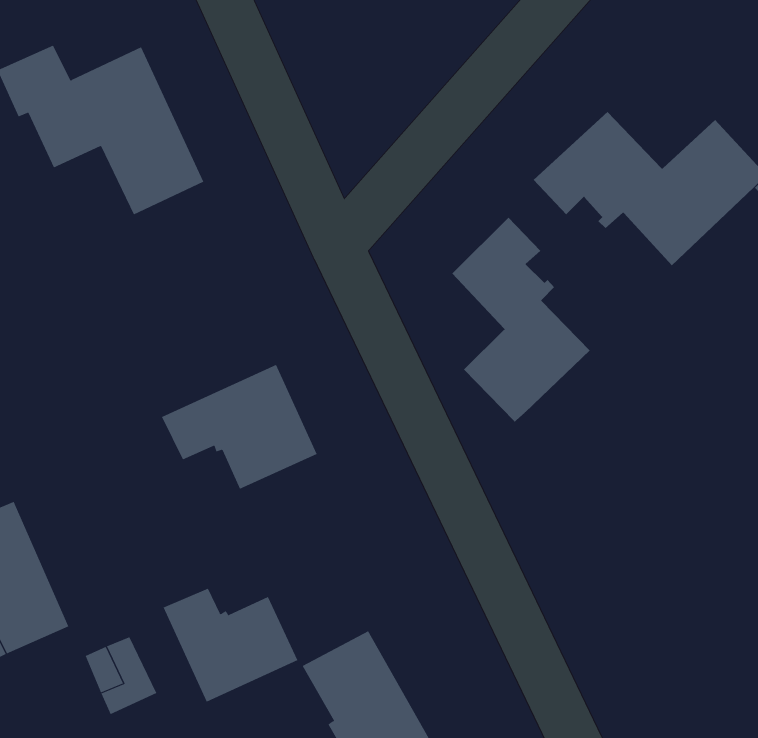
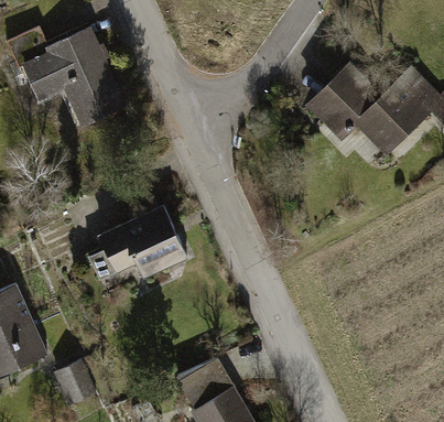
building: [452,217,591,423] -> none
building: [163,588,298,703] -> none

